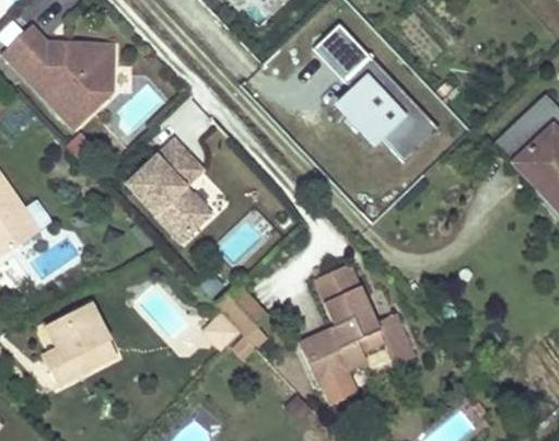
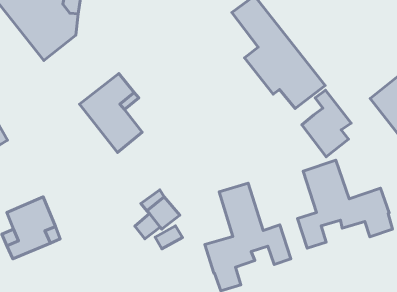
building: none -> [302,90,351,157]
building: none -> [297,160,393,248]

